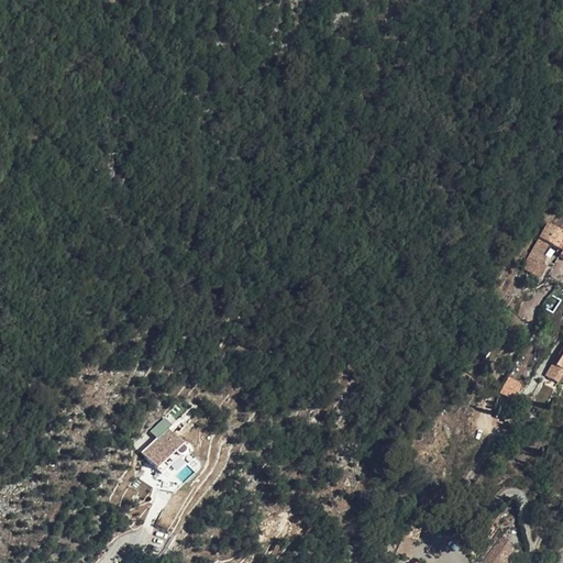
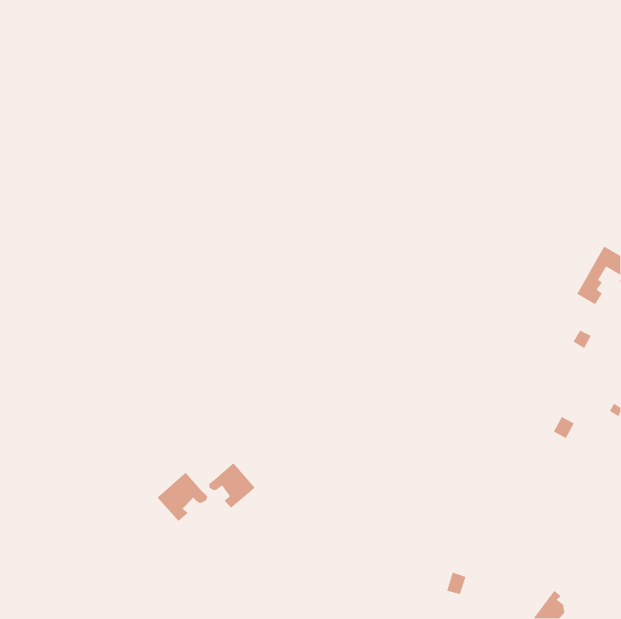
building: none -> [208,462,256,509]

